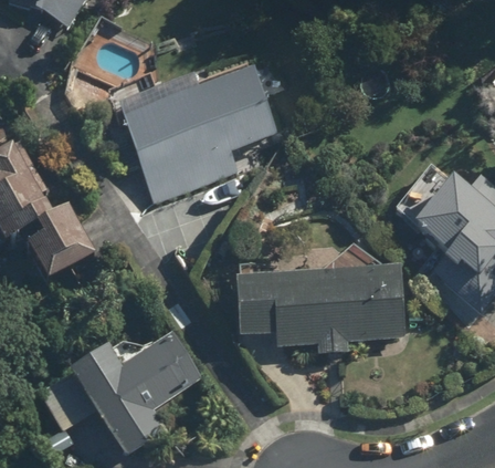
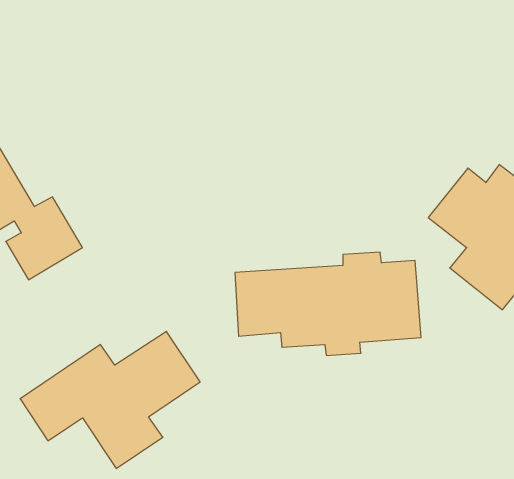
building: [123,67,274,199] -> none

